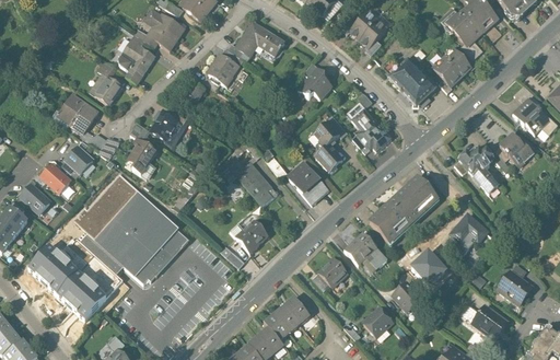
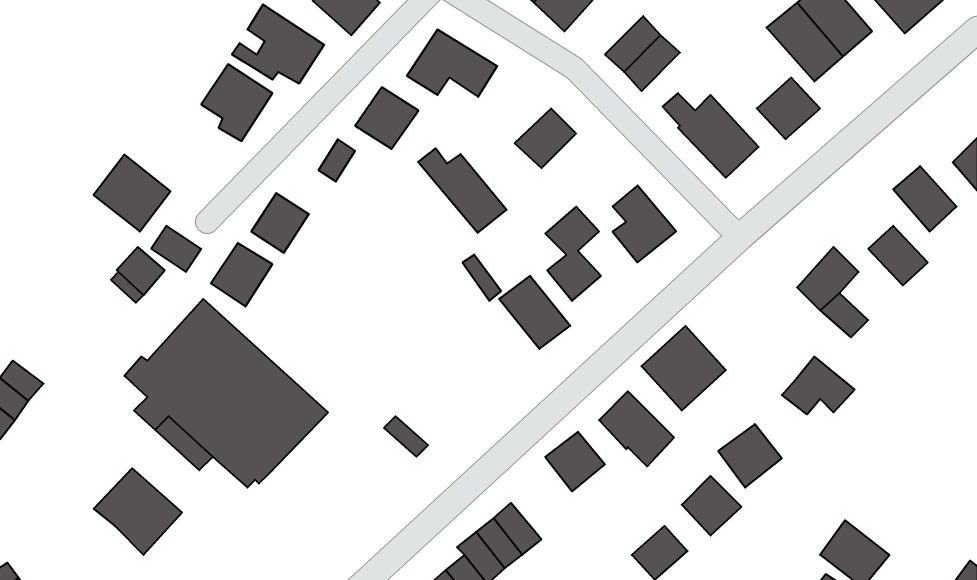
building: [89,72,125,107] -> none
building: [228,159,278,207] -> [418,148,507,233]
building: [40,165,70,196] -> none
building: [393,166,441,214] -> none
building: [18,183,49,214] -> none
building: [234,221,268,255] -> none
building: [27,244,78,293] -> none
building: [494,266,535,304] -> none

